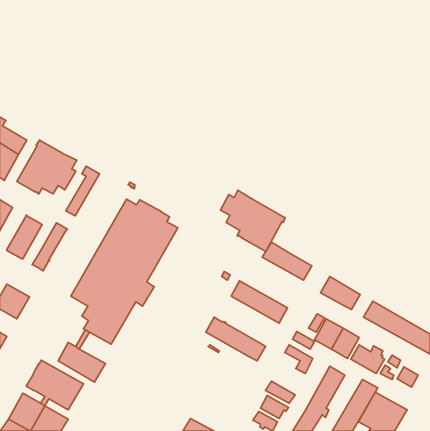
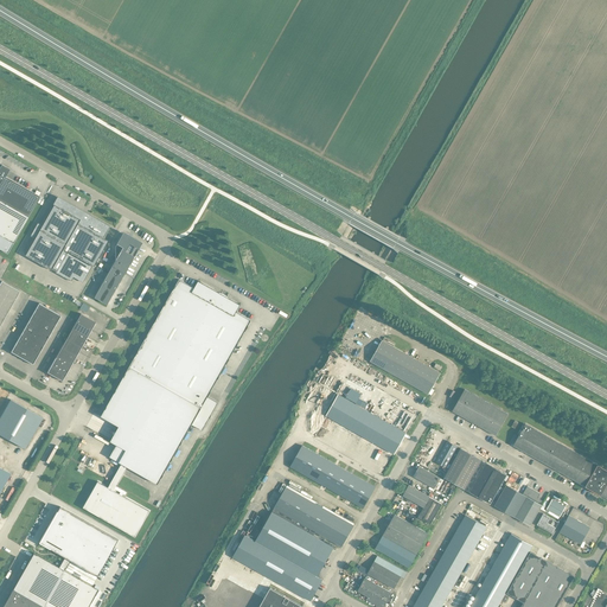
building: [221,190,285,251] -> none
building: none -> [231,486,352,601]
building: none -> [382,515,427,555]

